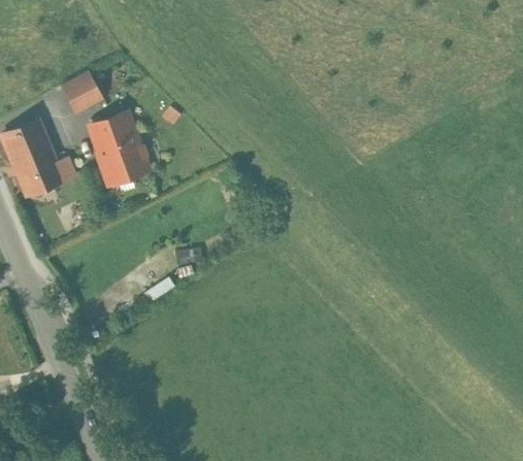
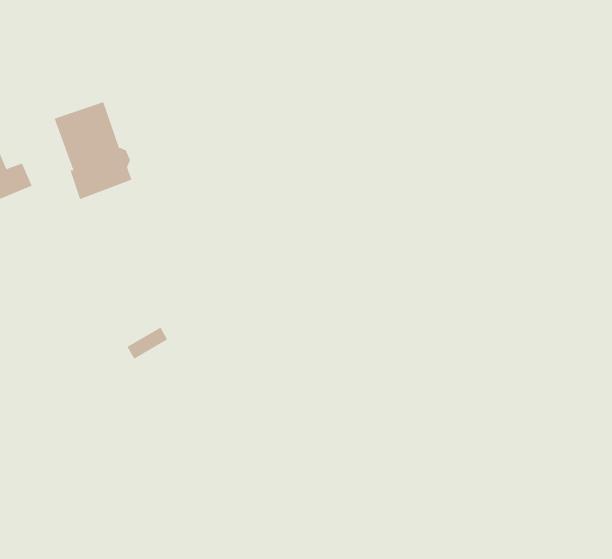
building: [61,72,102,114] -> none

